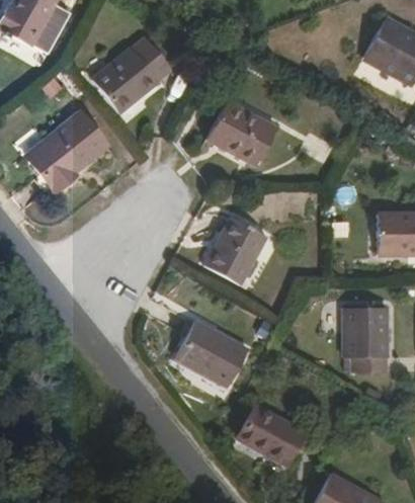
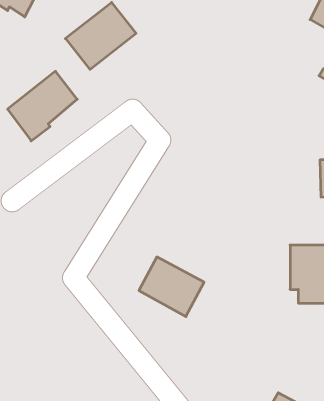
building: [206,101,276,167] -> none
building: [205,218,268,285] -> none
building: [238,407,304,466] -> none

